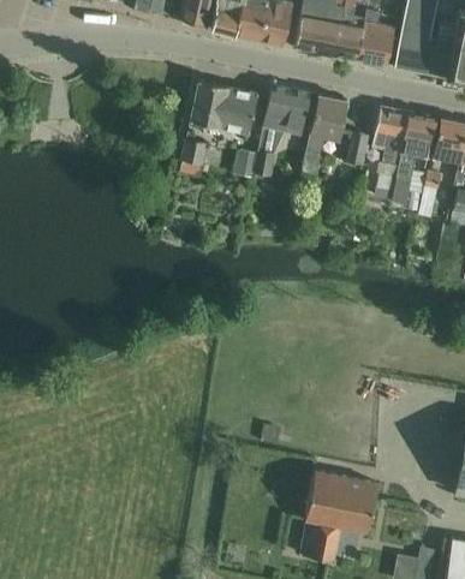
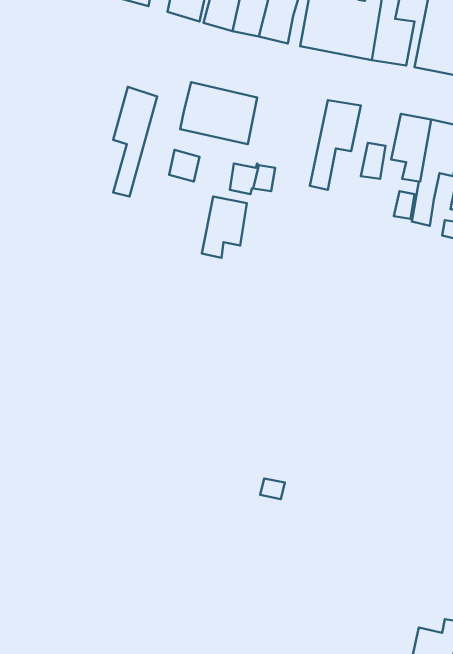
building: none -> [113,87,157,197]
building: [263,85,309,132] -> none
building: none -> [202,196,247,258]
building: [302,471,376,560] -> none

